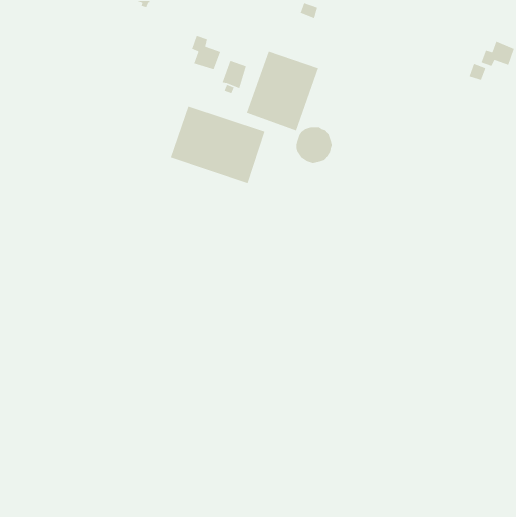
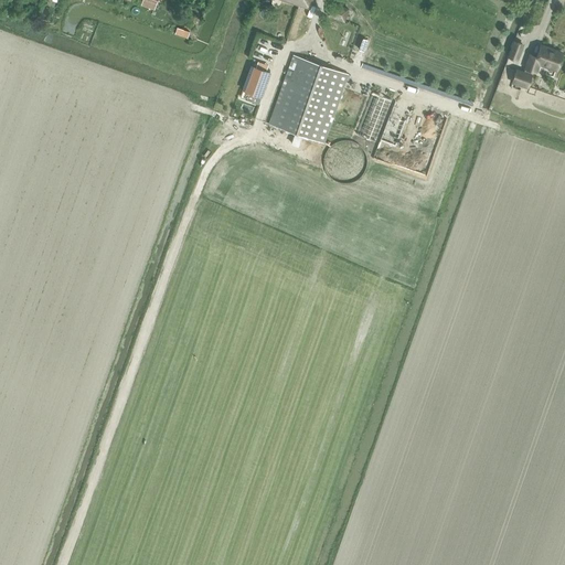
building: [191,35,221,70] -> none
building: [170,106,265,184] -> none

